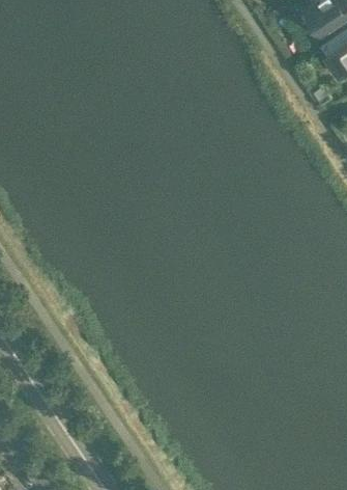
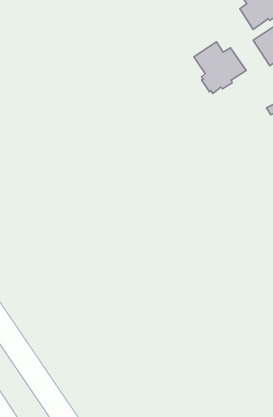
building: none -> [194,42,246,93]

